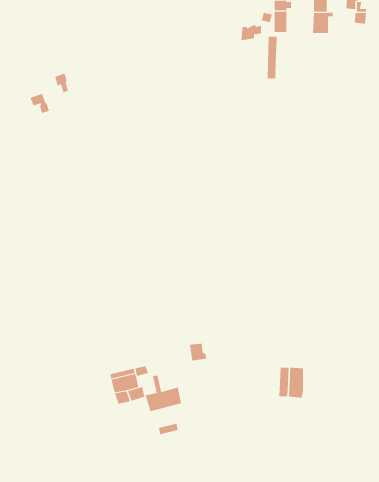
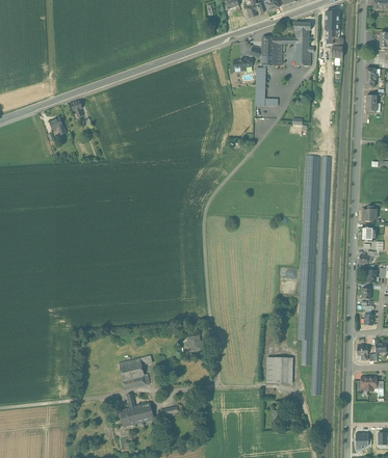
building: [145,375,182,412] -> [121,393,153,425]

